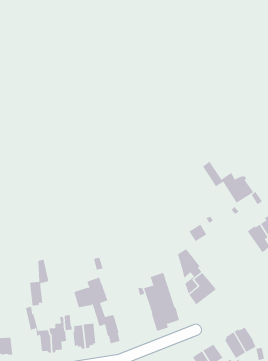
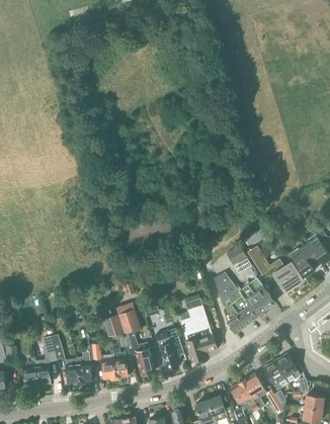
building: [202,161,254,203] -> [248,247,304,292]
building: none -> [238,278,274,316]
building: [29,259,49,306] -> [35,336,57,387]
building: none -> [156,331,184,369]

